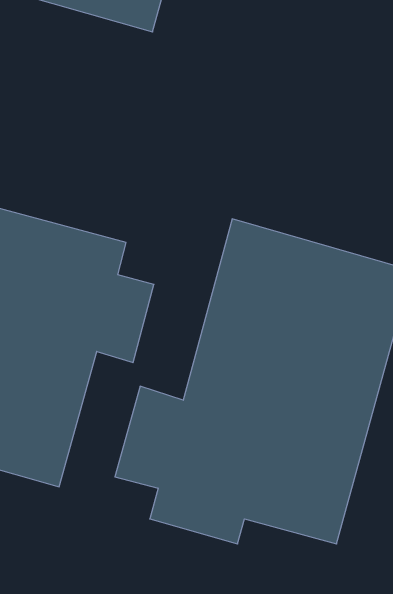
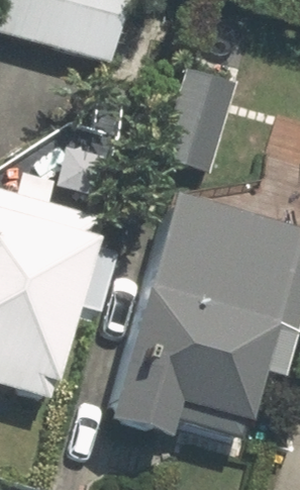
building: none -> [156,64,238,171]

